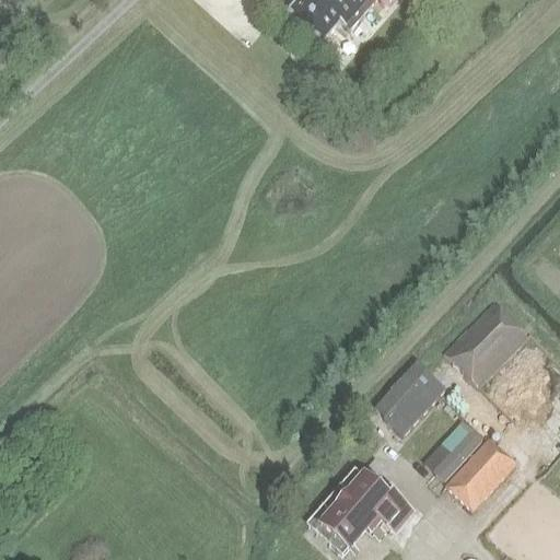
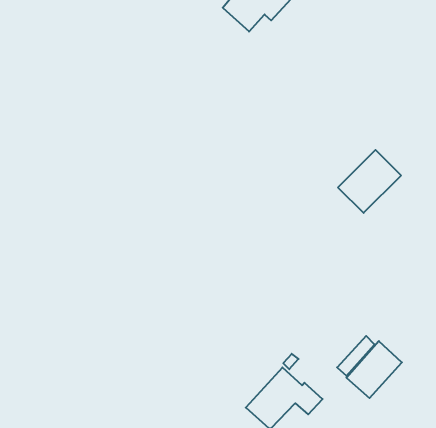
building: [444,301,525,382] -> [338,150,401,213]
building: [382,371,444,435] -> none

